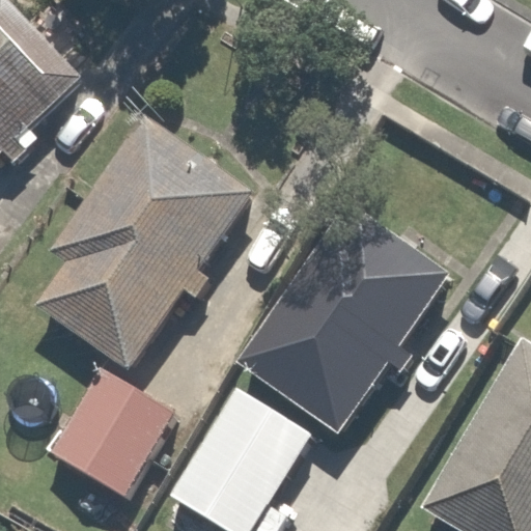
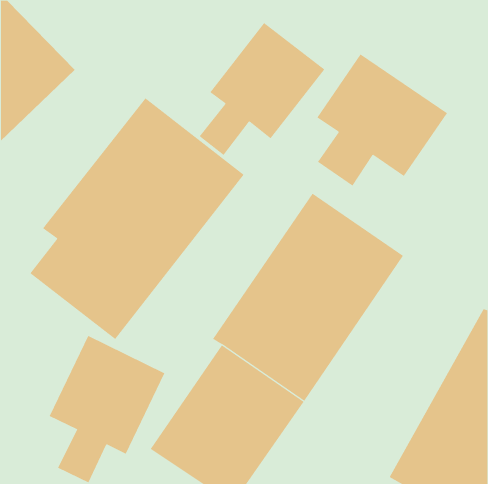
building: none -> [199,22,325,156]
building: none -> [316,54,448,186]

